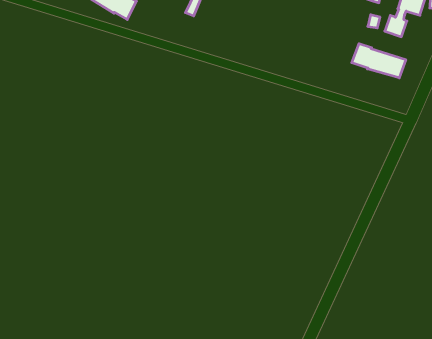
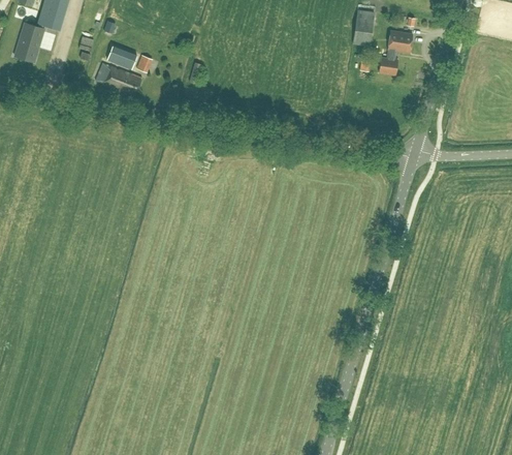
building: [352,44,406,78] -> none

